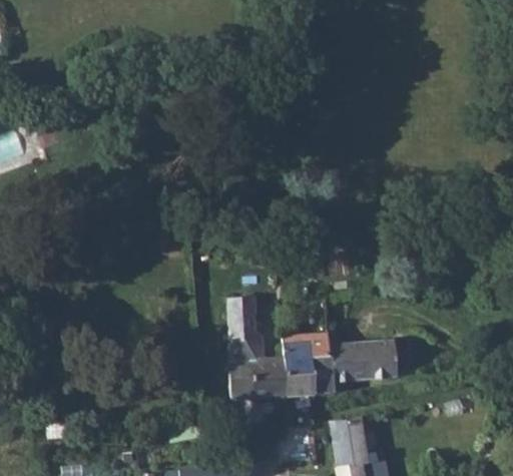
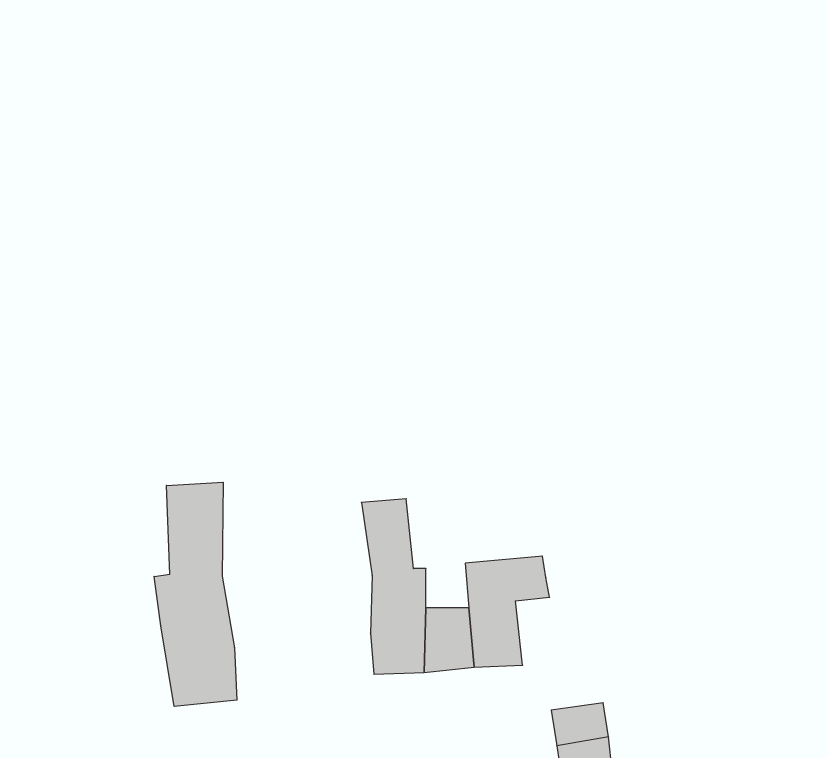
building: none -> [154,482,237,706]
building: [312,339,401,394] -> none

